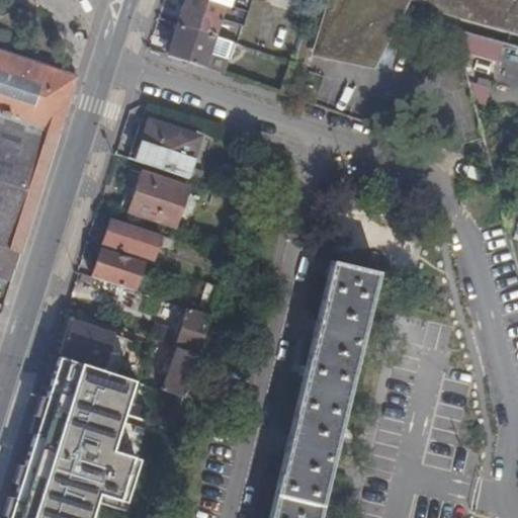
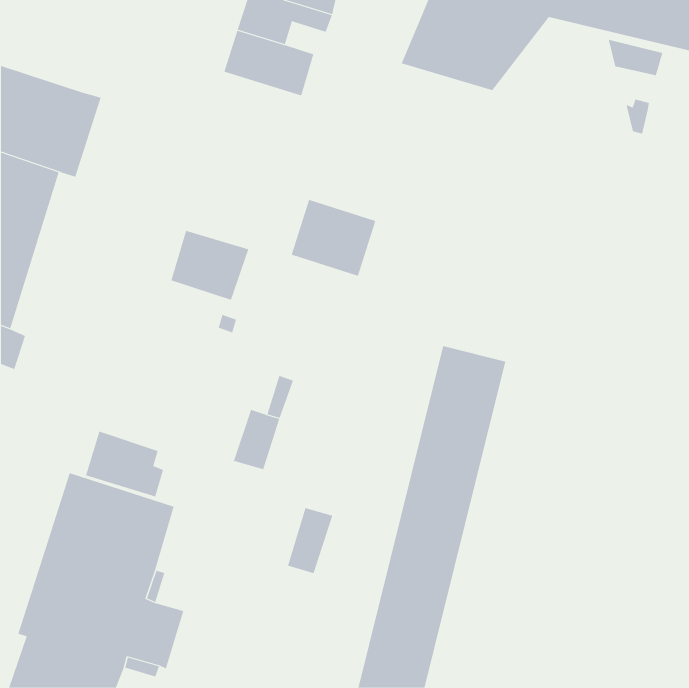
building: [136,118,199,176] -> [291,199,376,276]
building: [104,218,161,257] -> none
building: [94,247,144,288] -> none
building: [165,345,199,395] -> [287,507,333,574]

